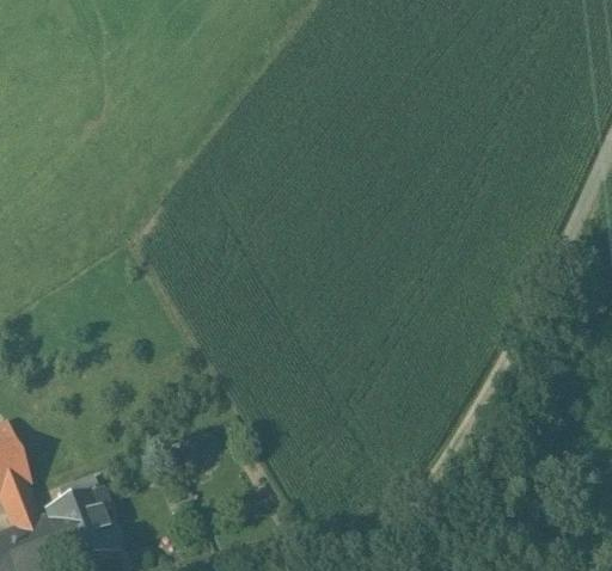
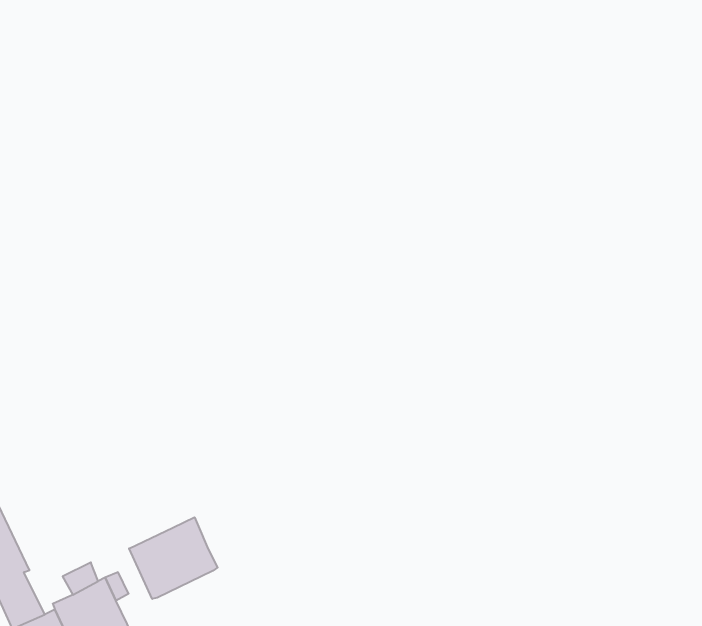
building: none -> [129,517,218,599]

